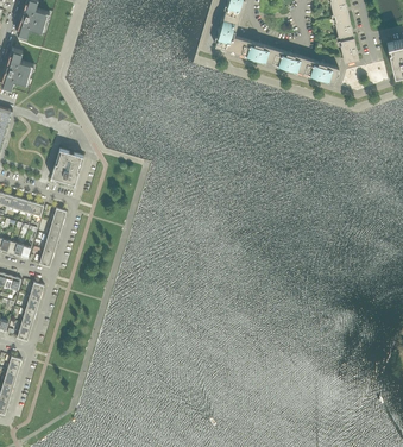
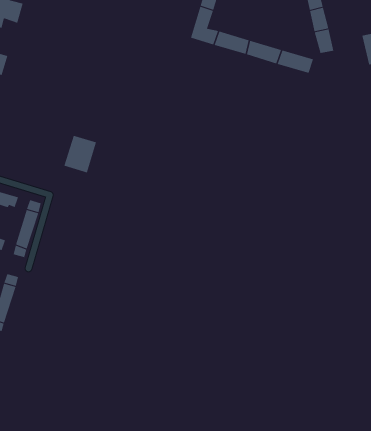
building: [50,149,83,187] -> [64,135,97,173]

